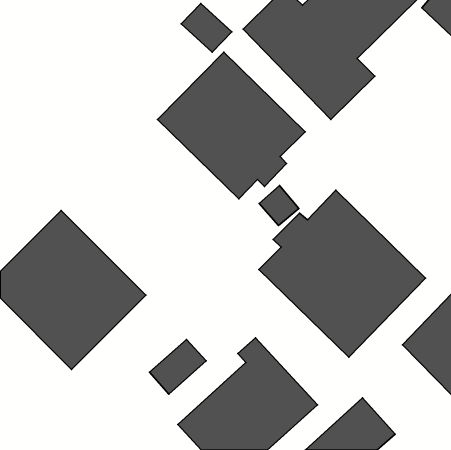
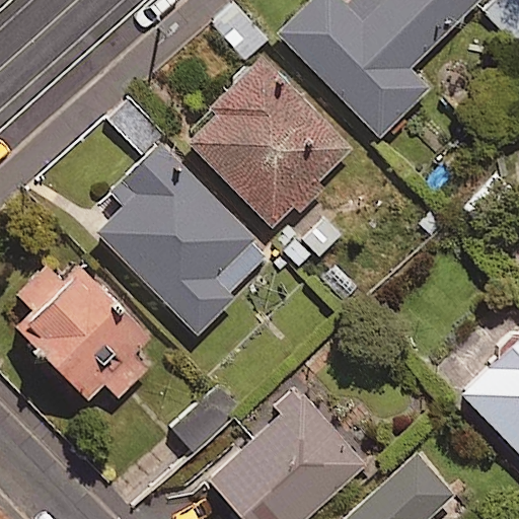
building: none -> [99,147,266,336]
building: [259,190,425,357] -> none

